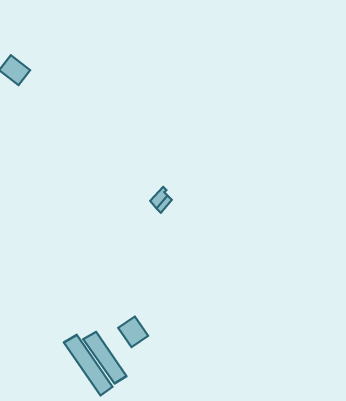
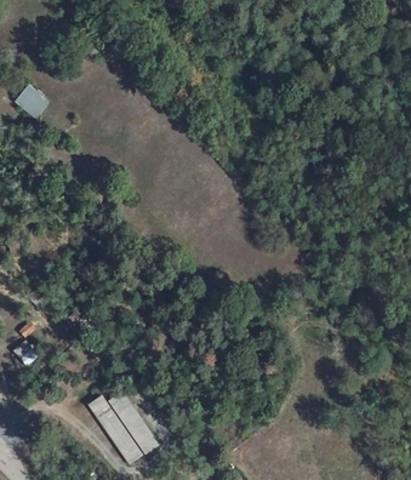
building: [118,316,148,347] -> none

